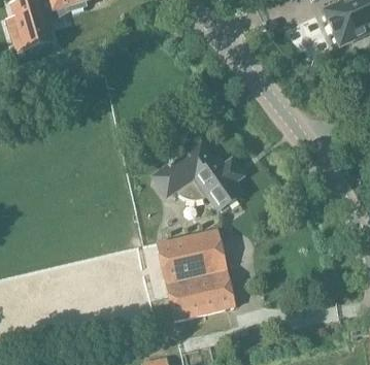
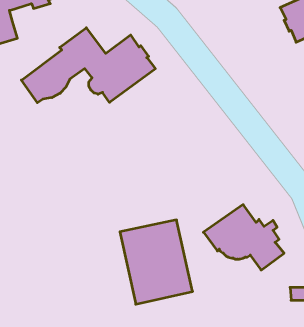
building: none -> [21,28,155,103]
building: [159,141,242,209] -> [203,205,284,270]

